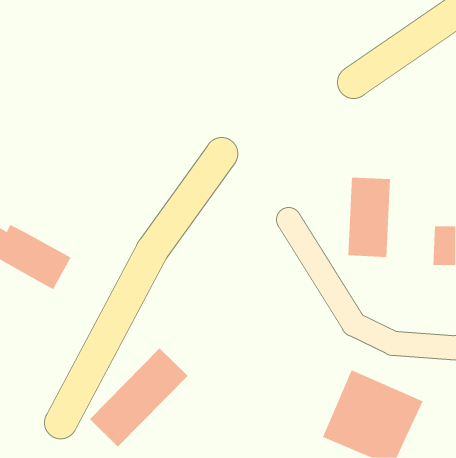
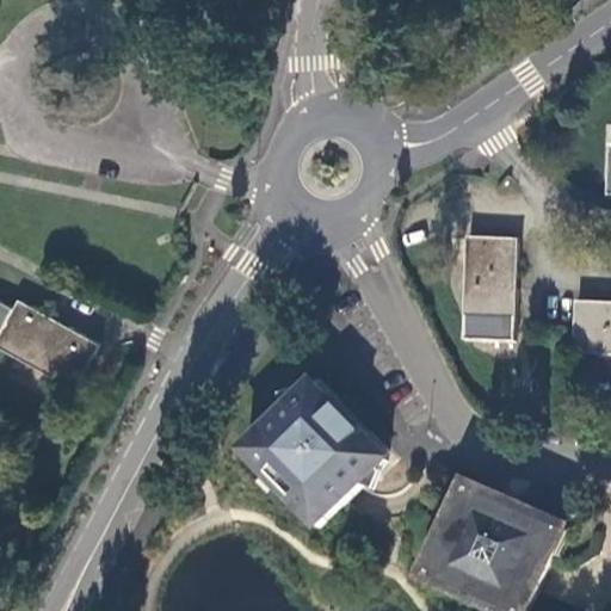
building: none -> [241,378,395,526]
building: [89,348,188,447] -> none

